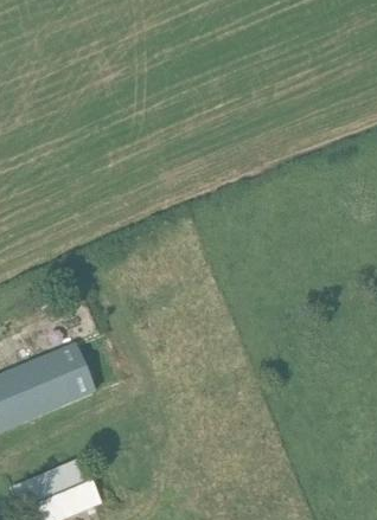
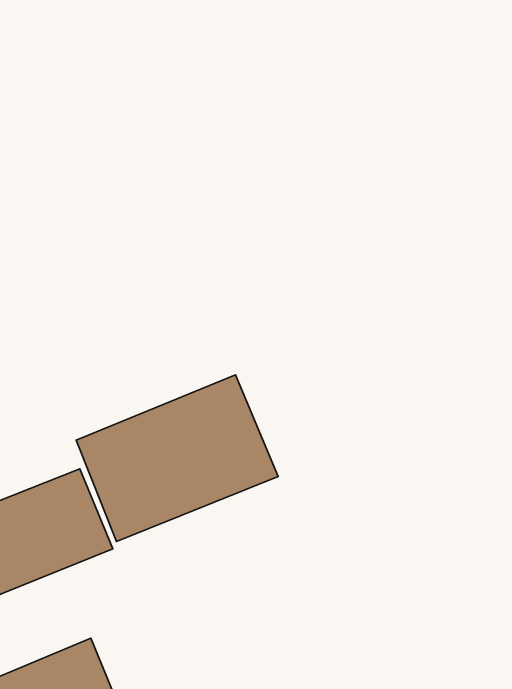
building: none -> [76,375,278,542]

